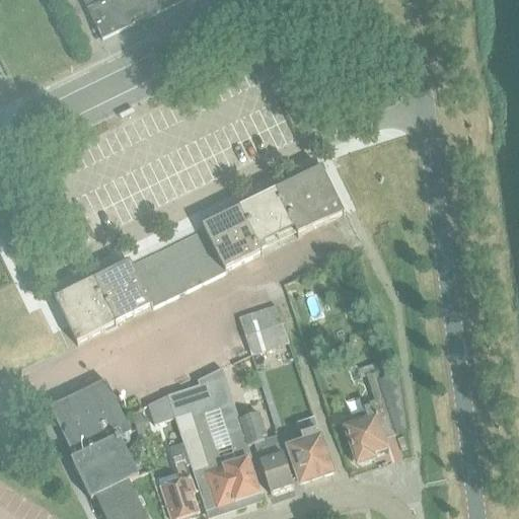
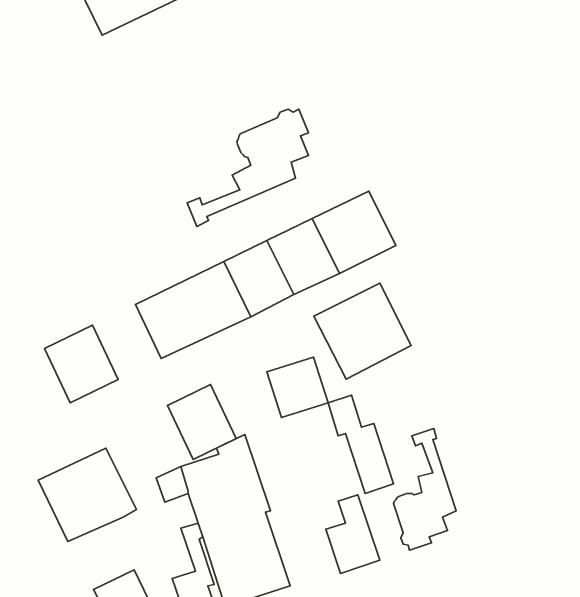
building: none -> [187,109,308,226]
building: none -> [314,283,411,379]
building: [94,258,151,320] -> [167,385,236,460]
building: [238,410,292,491] -> [328,395,393,494]
building: [71,434,139,496] -> none

